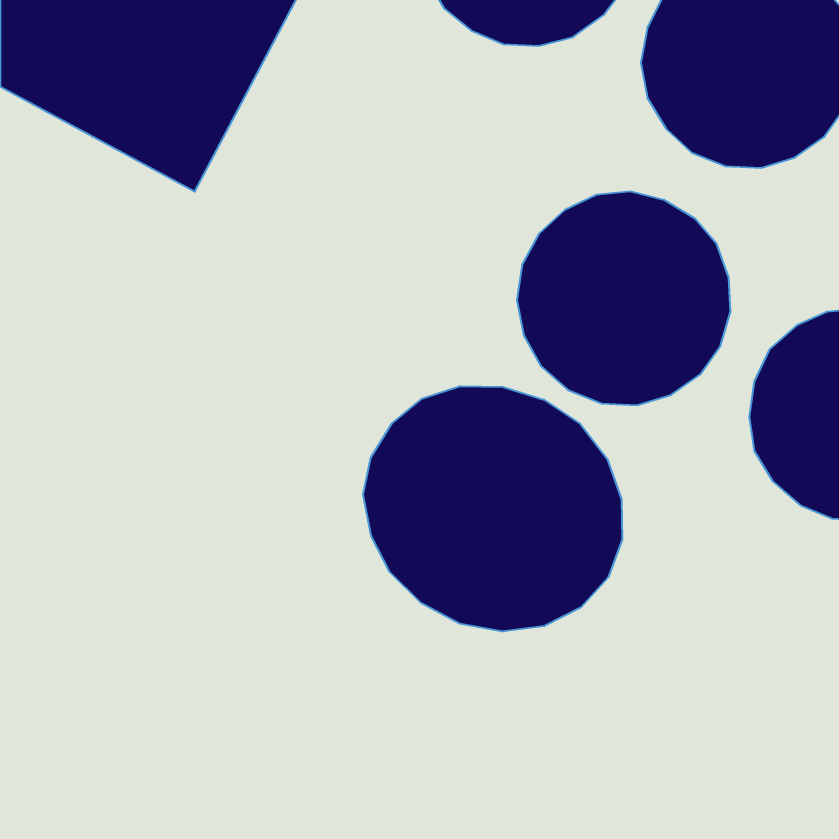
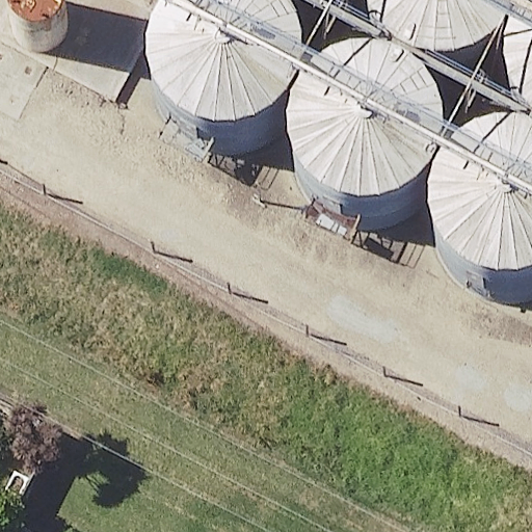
building: none -> [197,44,328,174]
building: [363,386,622,632] -> none

